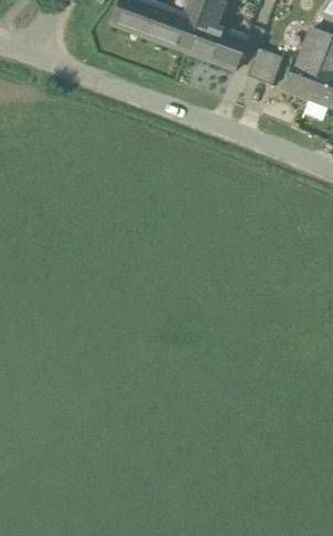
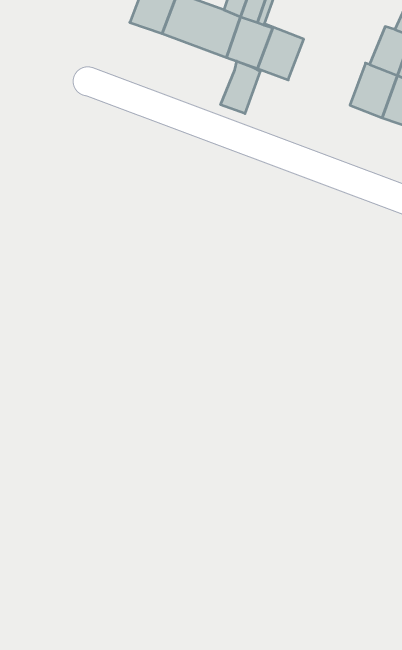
building: [247,47,282,85] -> none
building: none -> [221,61,260,114]

